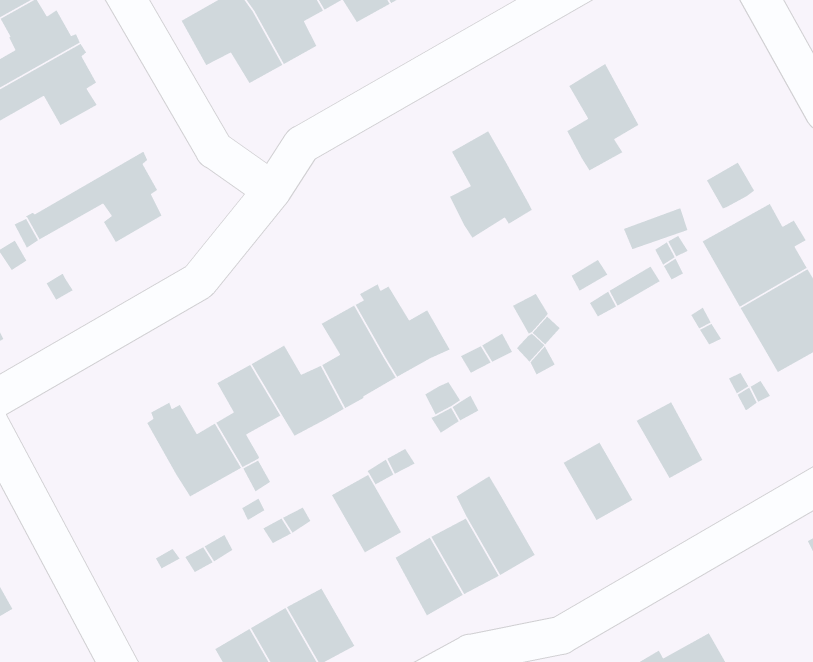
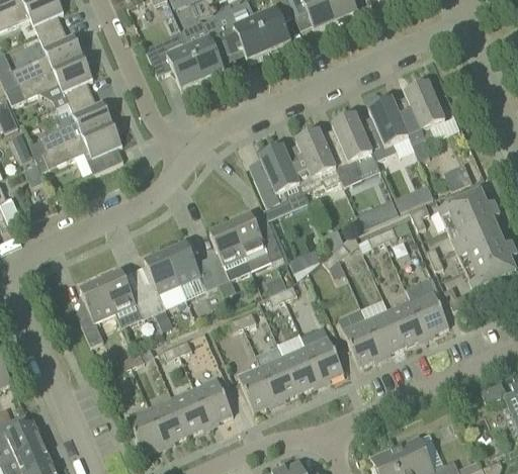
building: none -> [398,82,444,144]
building: none -> [328,113,371,186]
building: none -> [40,91,115,151]
building: none -> [253,146,307,208]
building: none -> [405,281,448,336]
building: none -> [365,308,404,355]
building: none -> [77,280,114,346]
building: [331,474,402,554] -> [193,377,233,423]
building: none -> [305,335,343,381]

